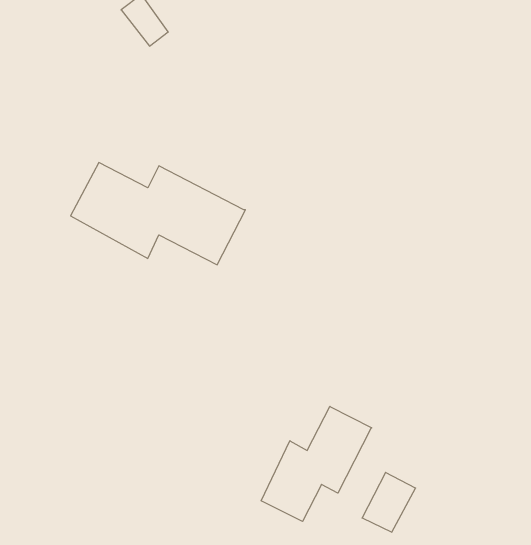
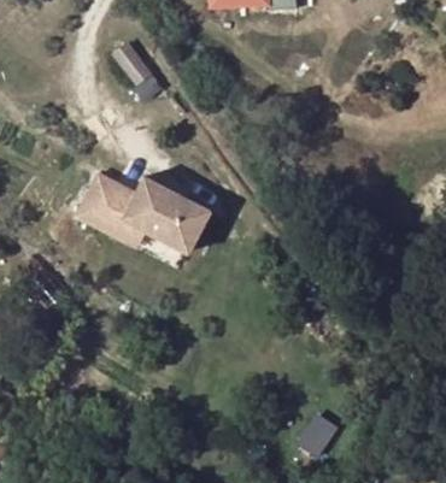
building: [261,406,372,521] -> none

